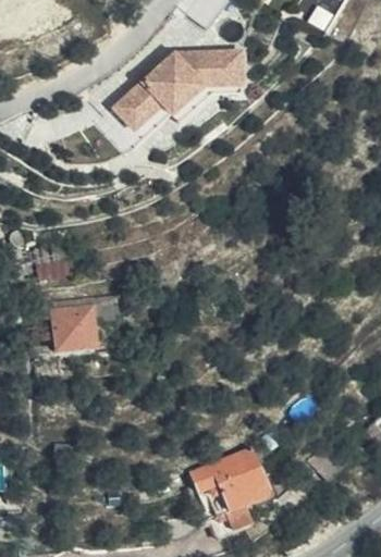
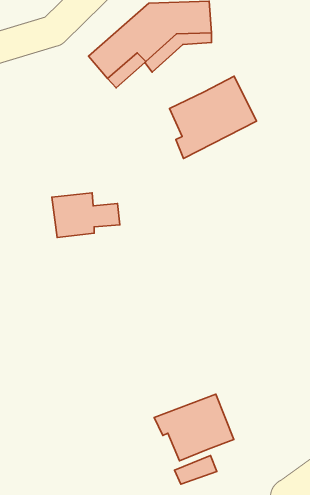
building: none -> [169,76,256,159]
building: [49,305,119,350] -> [52,193,120,237]

